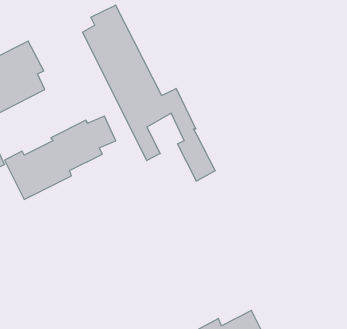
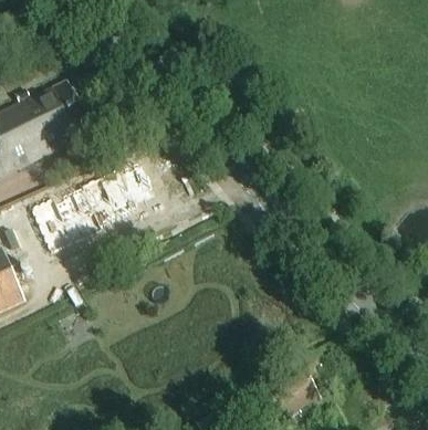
building: [83,5,215,181] -> none

